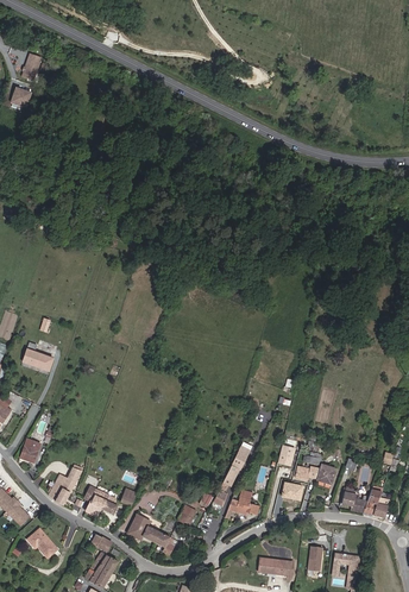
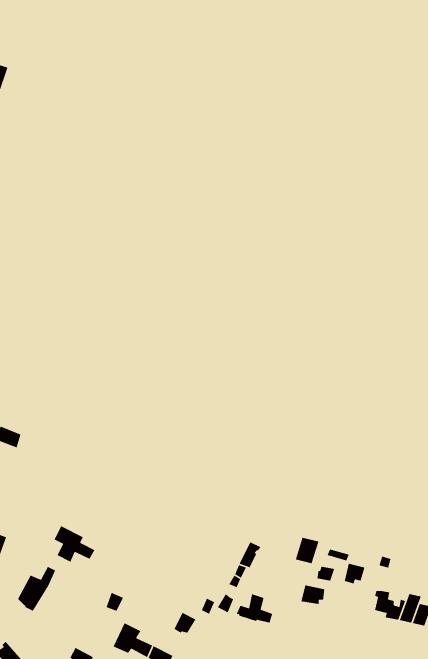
building: [83,486,118,517] -> [54,525,96,563]

